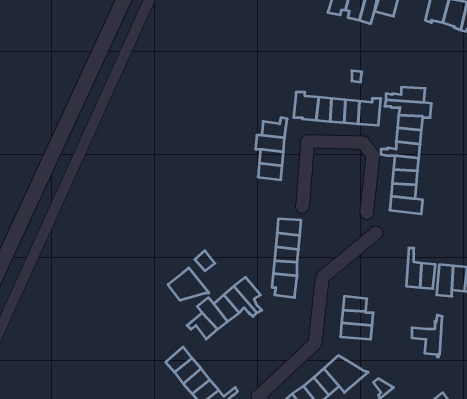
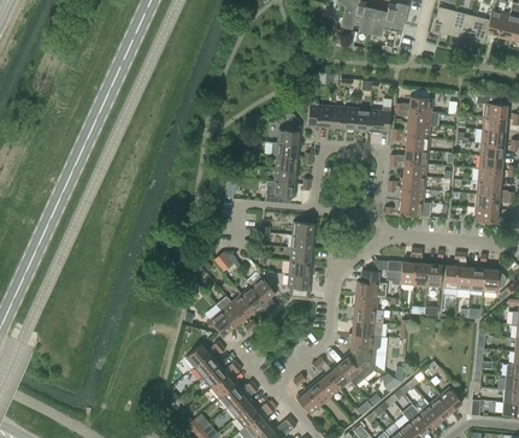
building: none -> [265,180,295,203]
building: [168,268,209,300] -> none
building: none -> [355,271,387,297]
building: [412,315,442,357] -> [388,248,417,288]
building: none -> [350,333,381,366]

